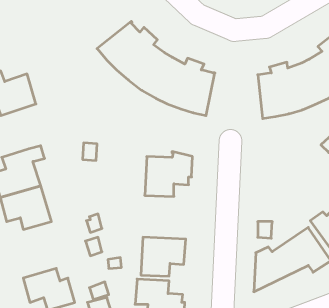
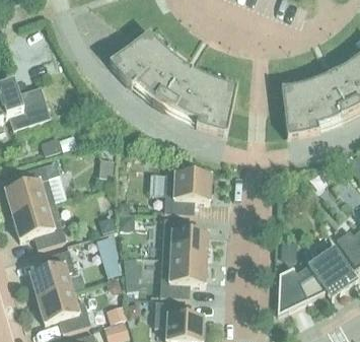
building: none -> [161,217,207,259]
building: none -> [29,249,75,299]

